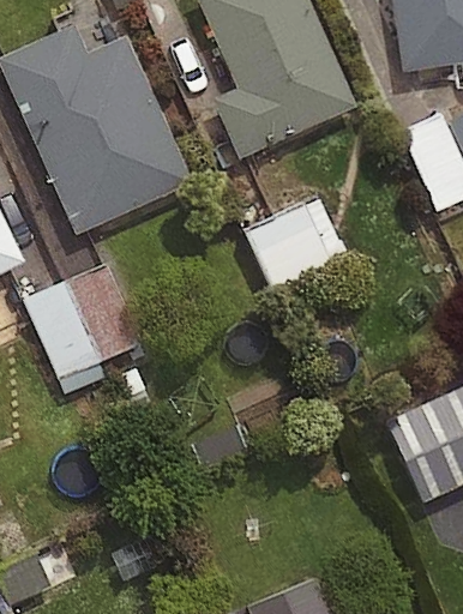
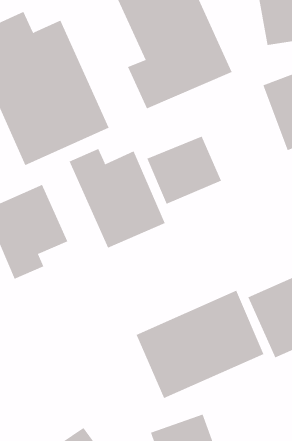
building: none -> [69,148,165,249]
building: none -> [136,290,264,399]

